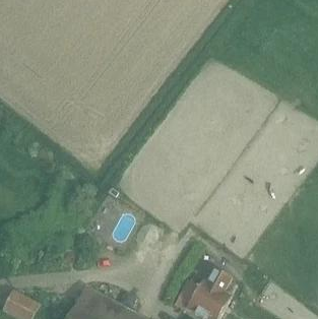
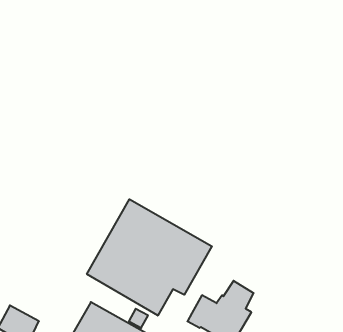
building: none -> [87,199,212,316]

